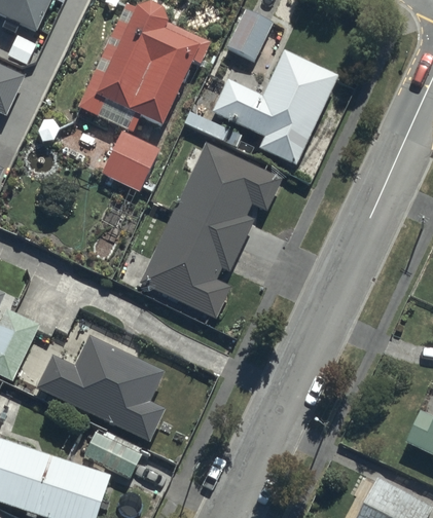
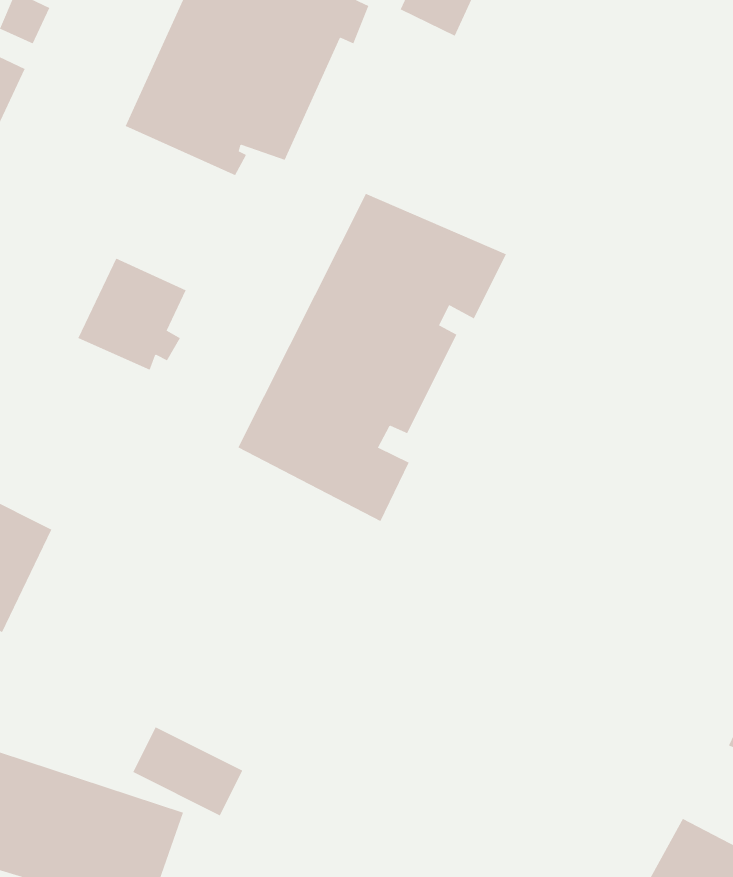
building: [210,48,338,168] -> none
building: [100,132,158,192] -> [78,258,186,371]
building: [29,342,155,430] -> none

